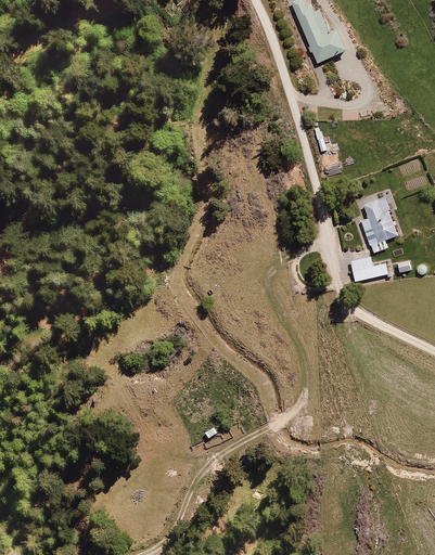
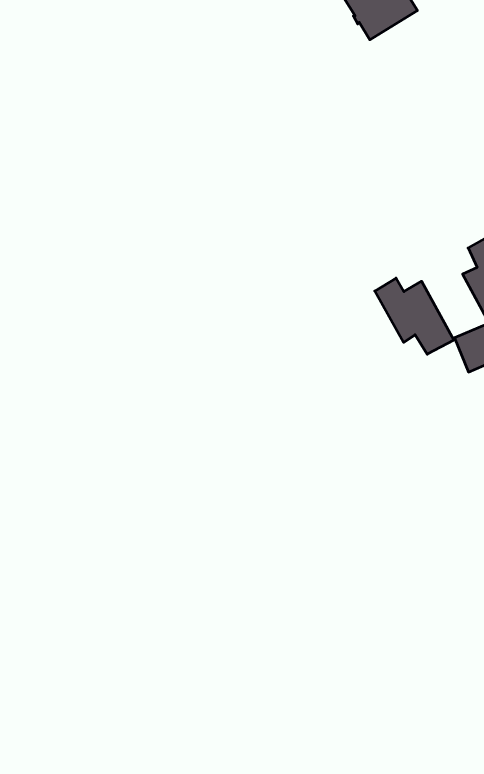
building: none -> [375,278,454,354]

